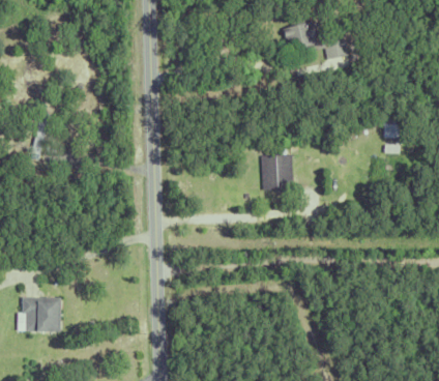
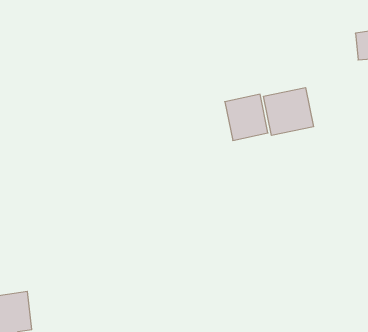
building: none -> [264,88,313,135]

